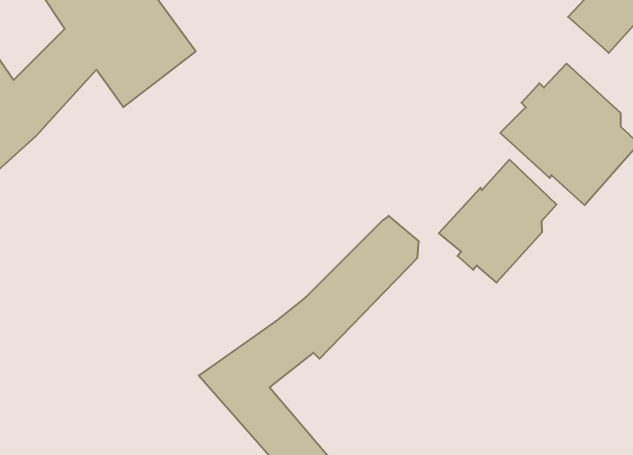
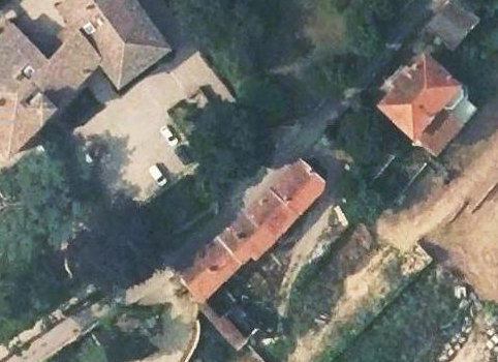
building: [439,160,557,283] -> none

